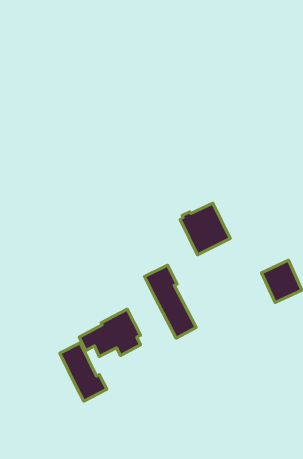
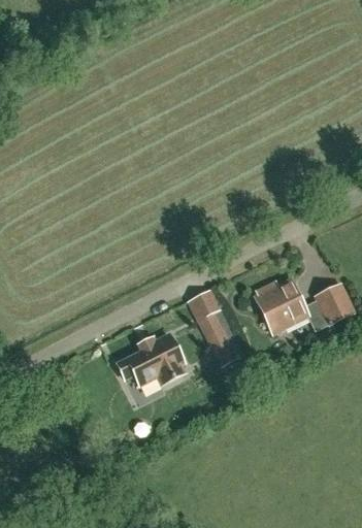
building: [180,203,230,255] -> [253,278,306,334]
building: [60,343,107,401] -> none

